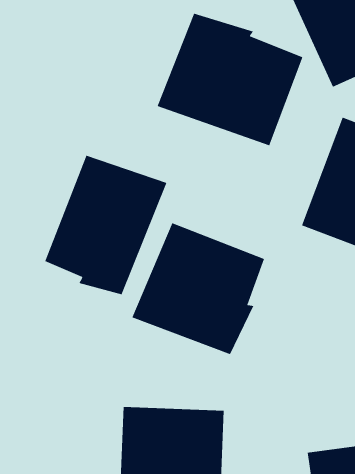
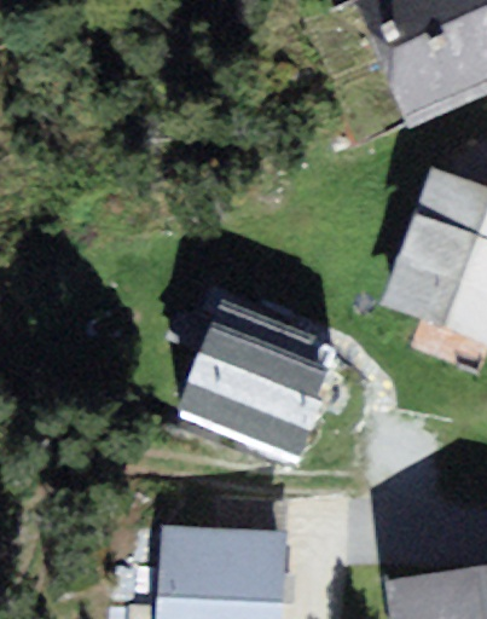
building: [157,13,303,146] -> none
building: [44,155,167,295] -> none

